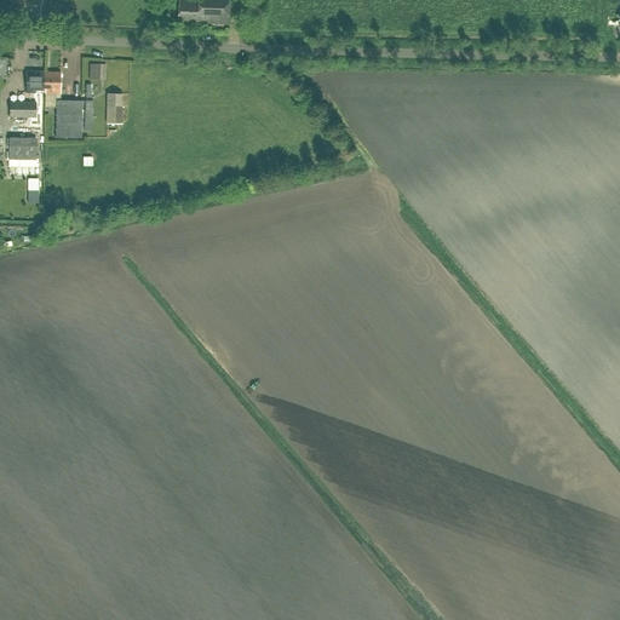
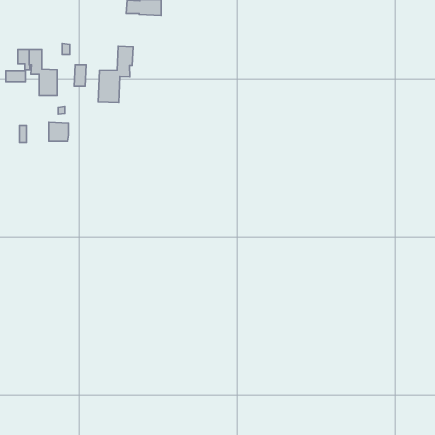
building: none -> [98,46,133,103]
building: [10,139,38,166] -> [49,122,68,141]

